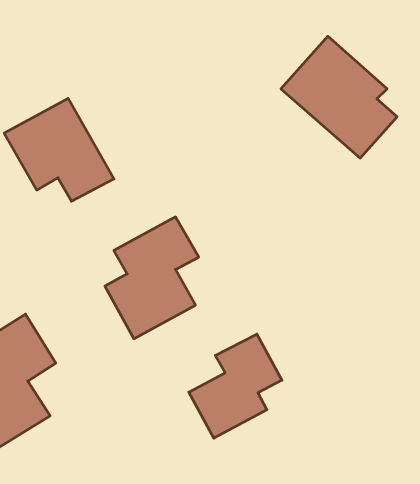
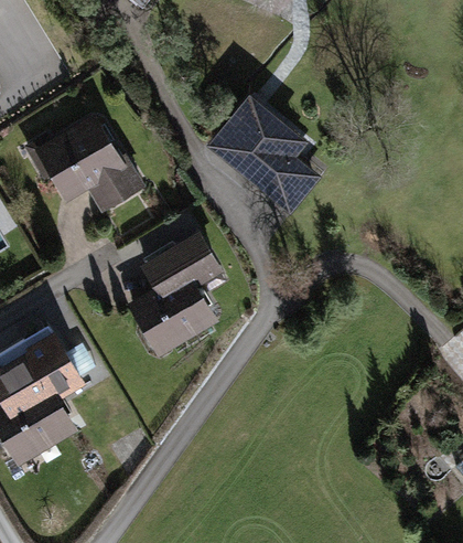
building: [281,36,397,158] -> [206,92,321,212]
building: [189,334,282,438] -> none

